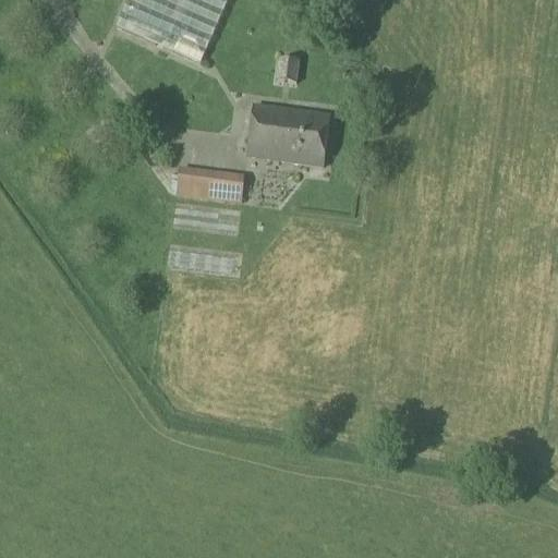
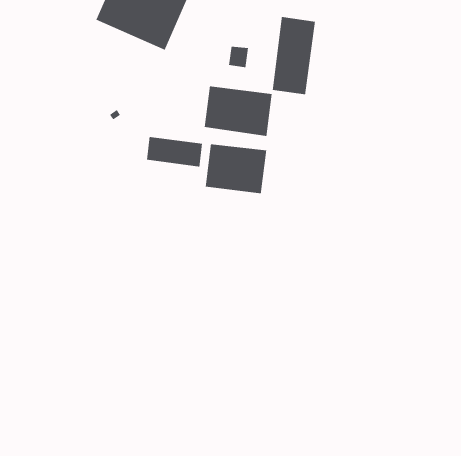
building: none -> [272,16,316,95]
building: none -> [205,143,267,194]

